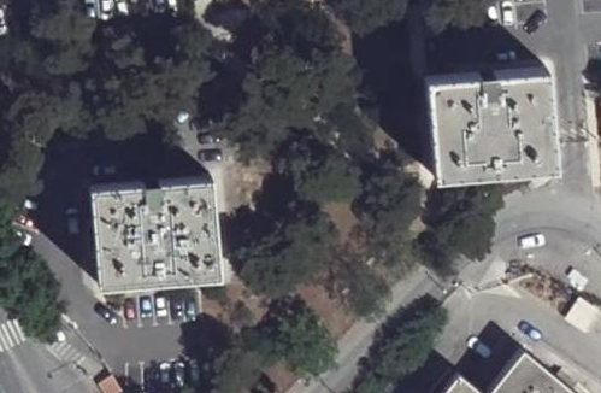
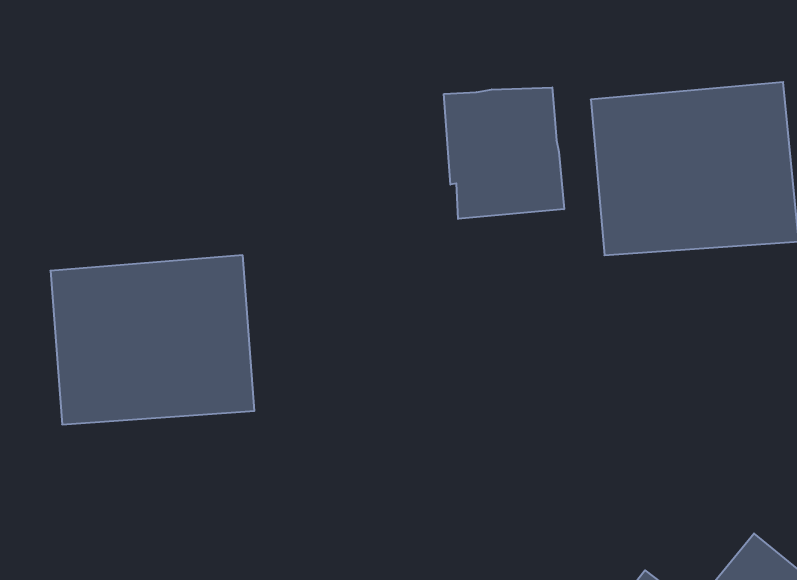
building: none -> [444,87,564,219]

